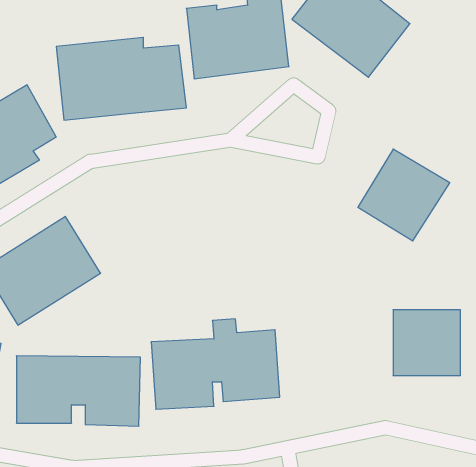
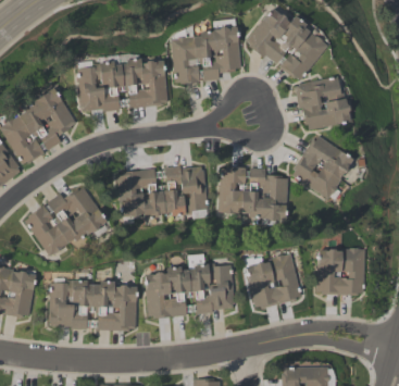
building: none -> [295,75,350,132]
building: none -> [115,164,209,221]
building: none -> [220,167,288,219]
building: none -> [244,251,301,309]

